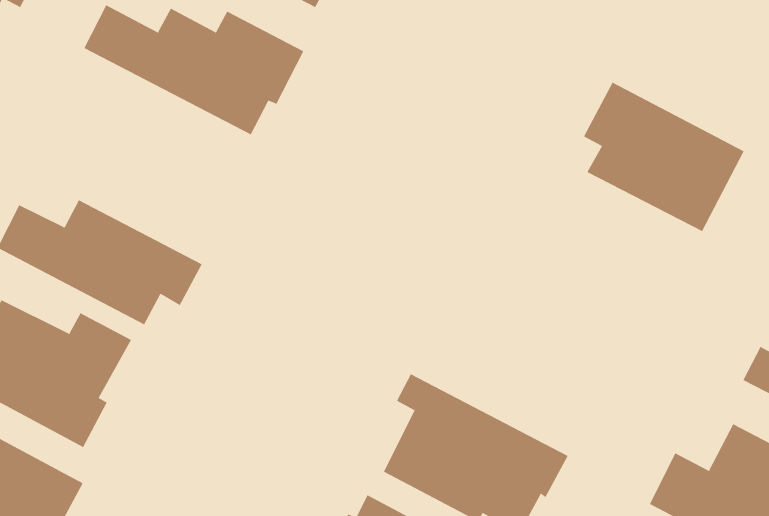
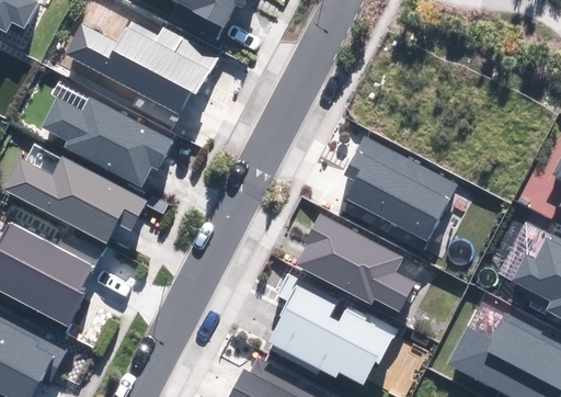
building: [583,82,744,232] -> [345,138,455,240]
building: none -> [43,99,171,188]
building: none -> [296,216,412,310]

